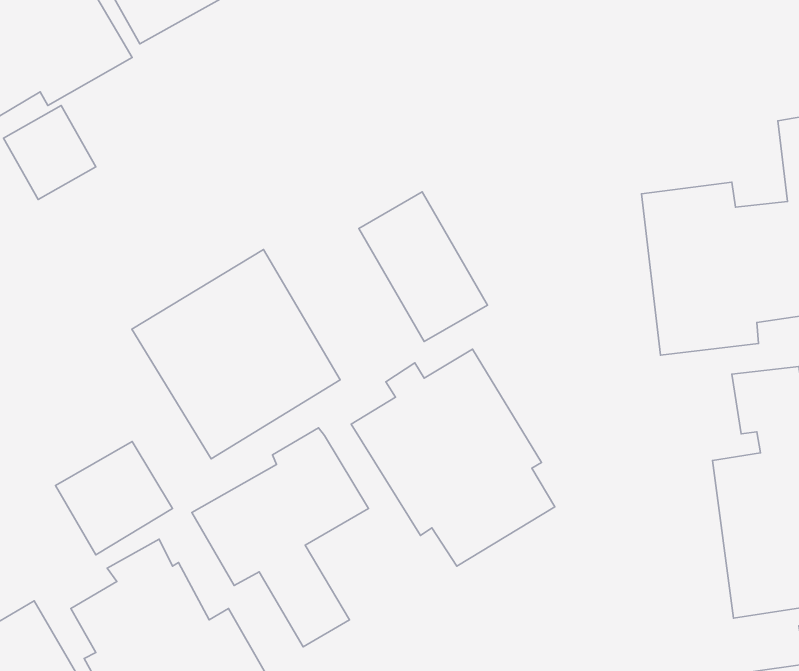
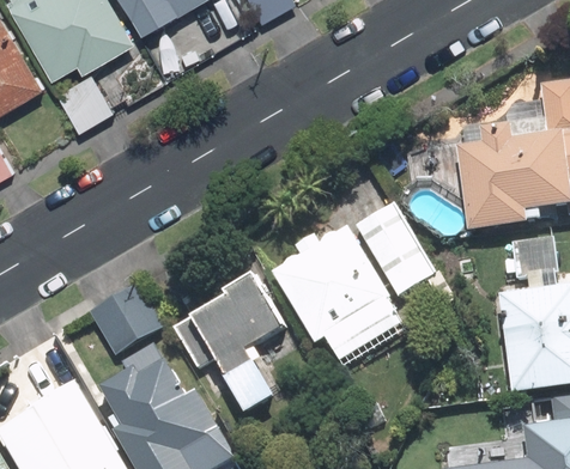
building: [359,192,487,342] -> [356,202,436,296]
building: [132,250,340,459] -> none

